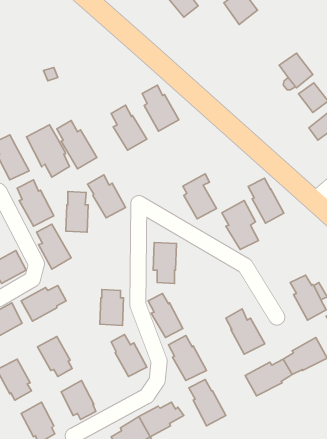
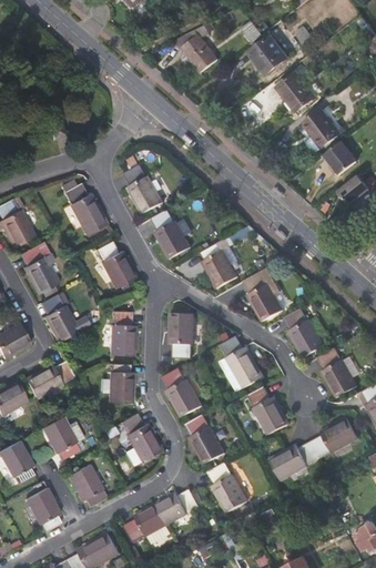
building: none -> [270,73,307,113]
building: [142,85,179,131] -> [151,210,191,260]
building: [26,125,70,177] -> none
building: [248,178,284,223] -> [284,307,323,356]
building: [66,191,88,232] -> [112,313,136,357]
building: none -> [220,336,264,389]

